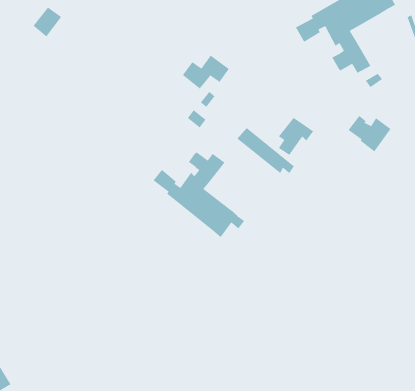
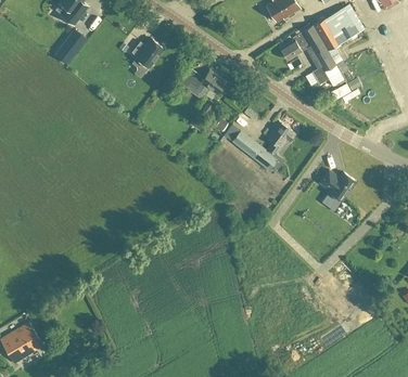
building: none -> [131,38,164,66]
building: [347,115,392,152] -> [319,169,356,200]
building: [152,152,245,238] -> none

